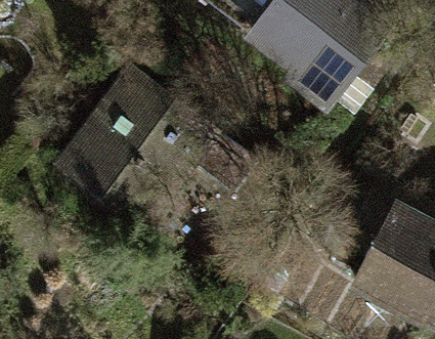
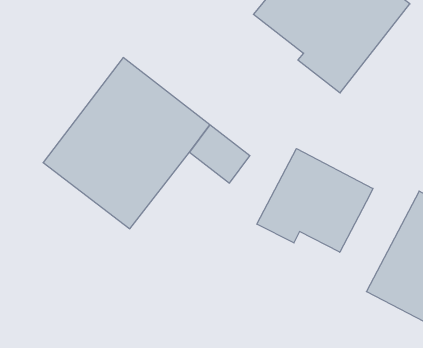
building: none -> [257,149,373,252]

